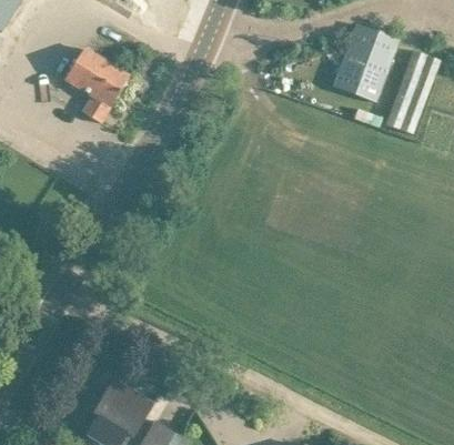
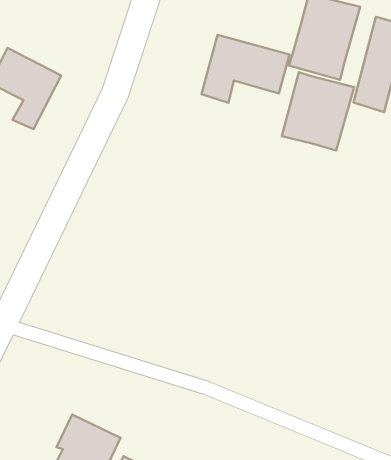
building: none -> [202,35,290,103]
building: none -> [282,72,354,150]

